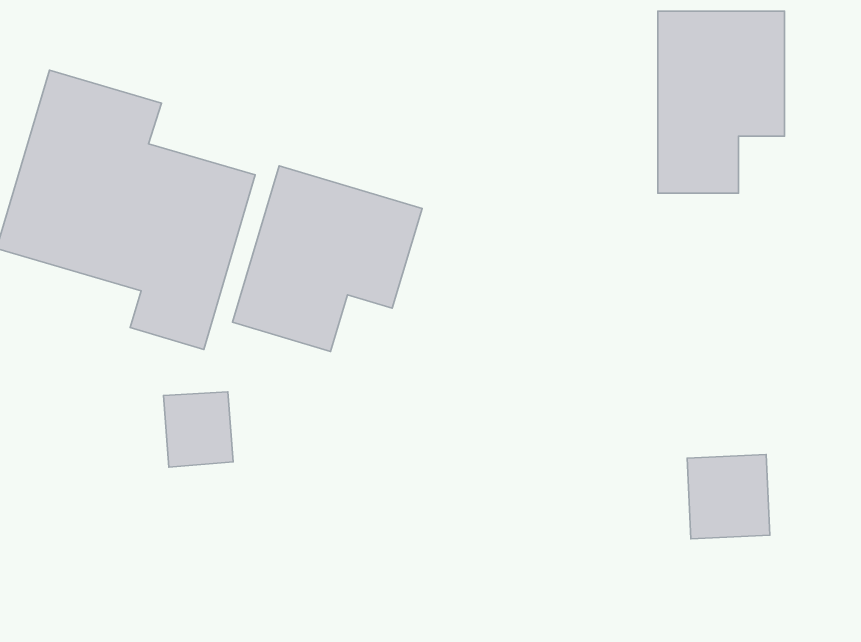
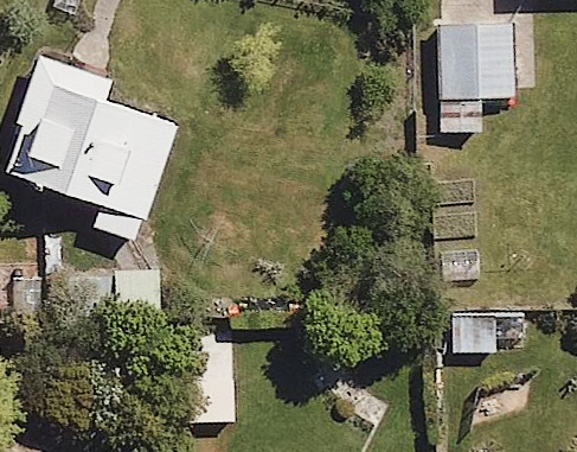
building: [233,166,422,352] -> none

